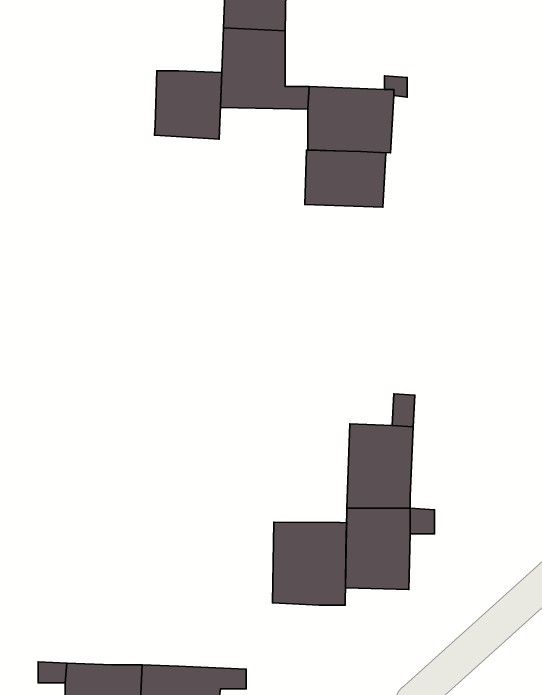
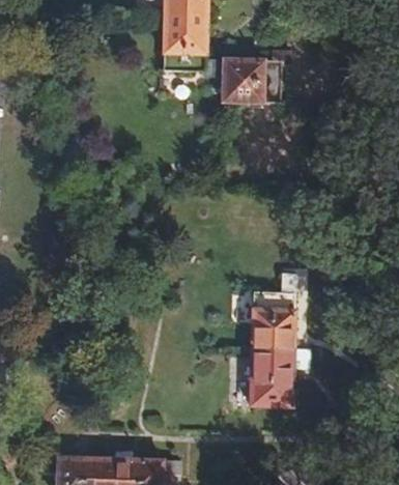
building: [154,71,222,139] -> none
building: [305,150,386,207] -> none
building: [272,522,347,605] -> none

